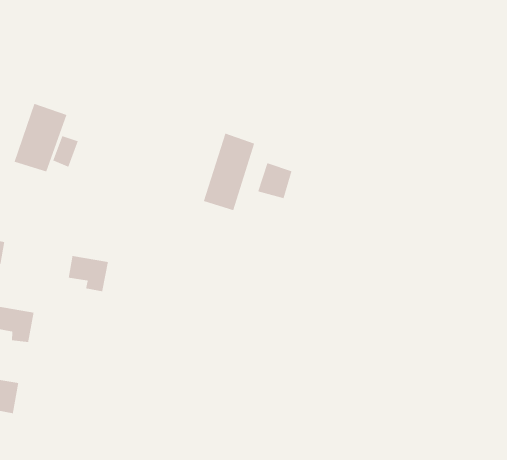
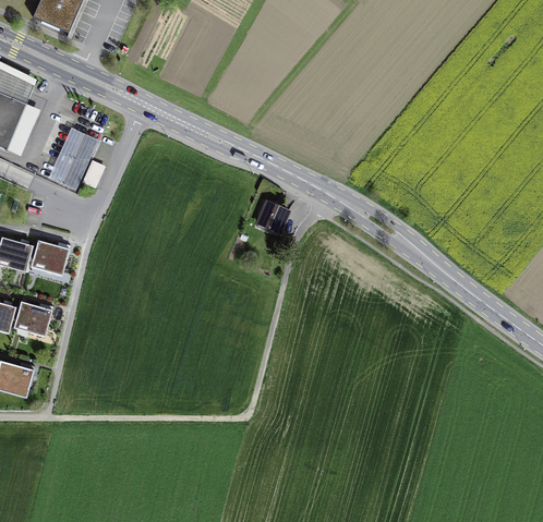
building: [203,132,255,211] -> none
building: [68,255,109,292] -> [32,241,69,276]

